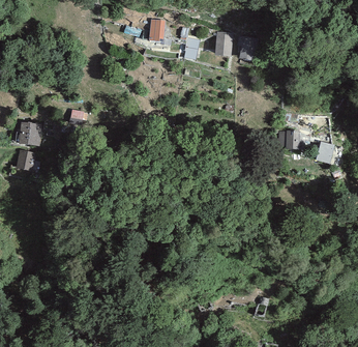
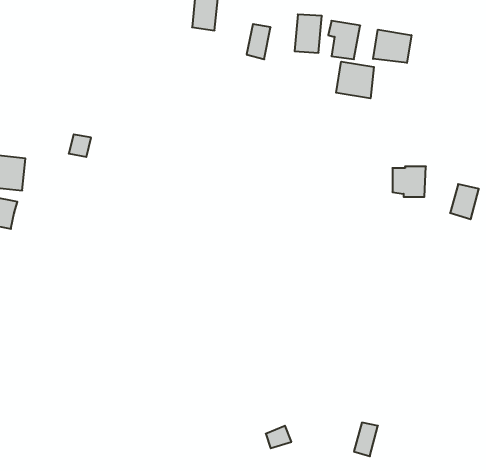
building: none -> [373,30,411,63]
building: none -> [336,62,374,98]

